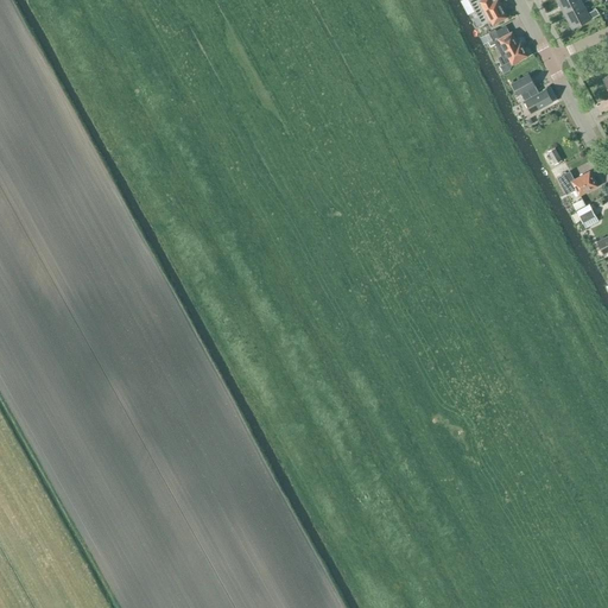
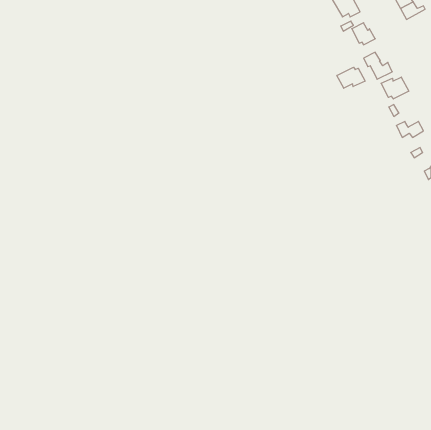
building: none -> [337,67,365,88]
building: none -> [381,77,409,99]

